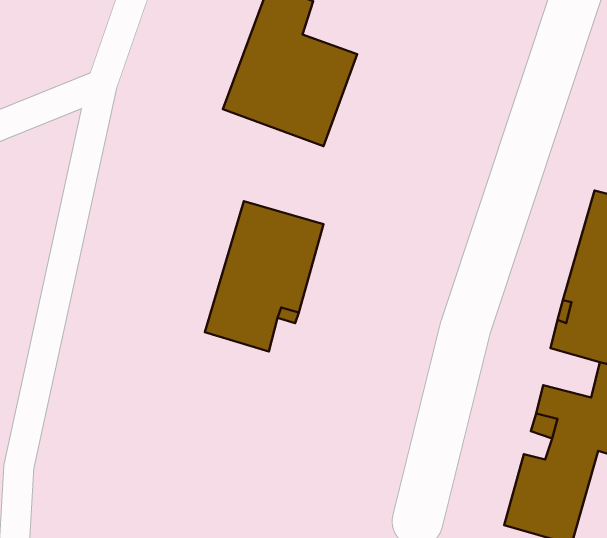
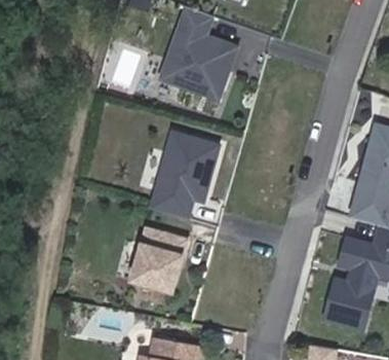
building: none -> [130,229,186,293]

